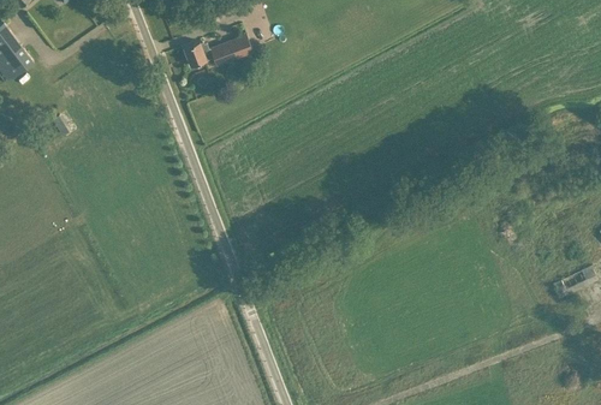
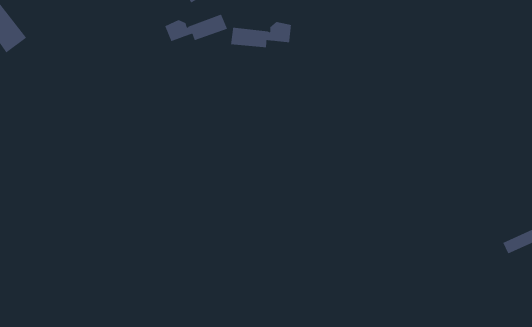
building: none -> [230,21,292,48]

